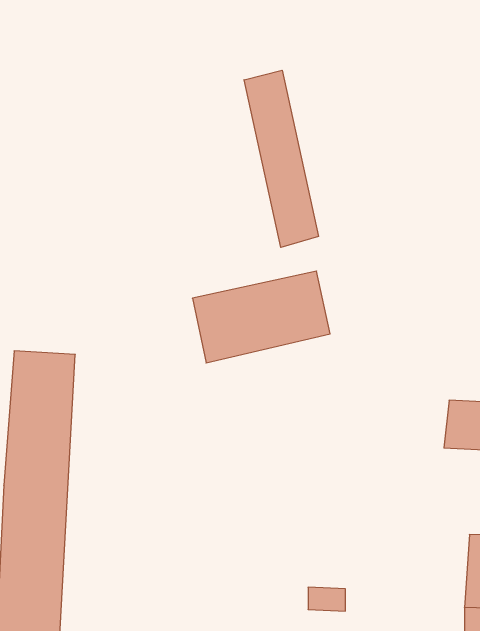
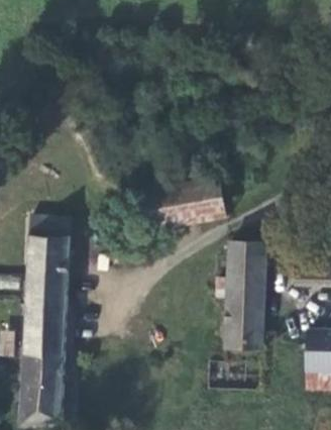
building: [244,70,319,247] -> none
building: none -> [217,237,264,347]

